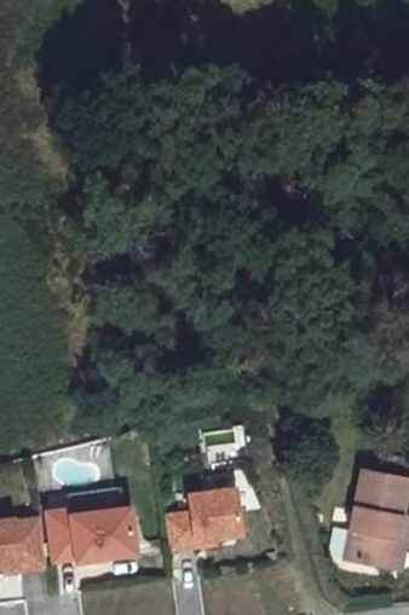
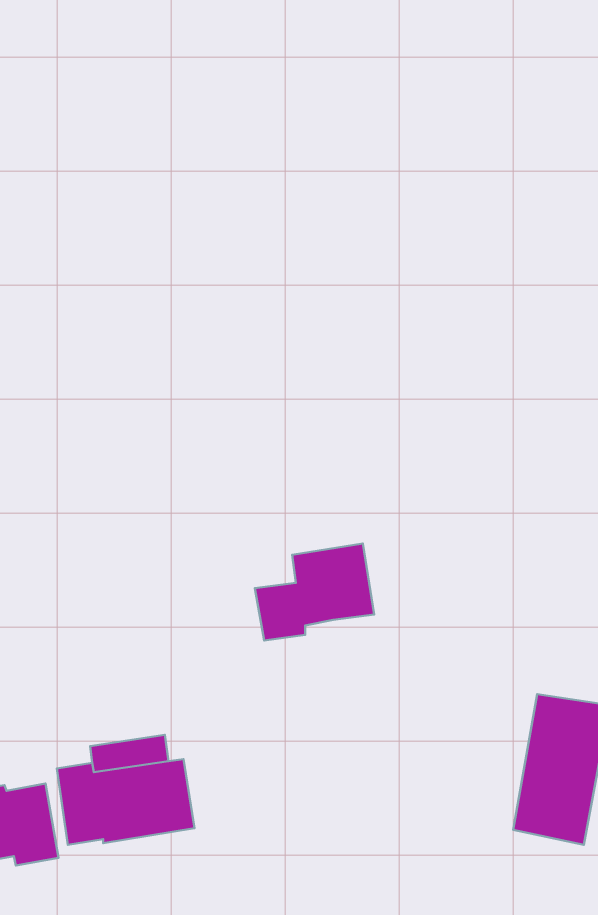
building: [165,487,242,550] -> [255,544,374,640]

